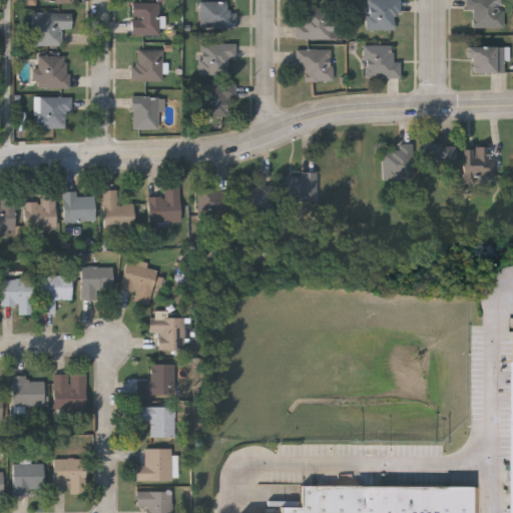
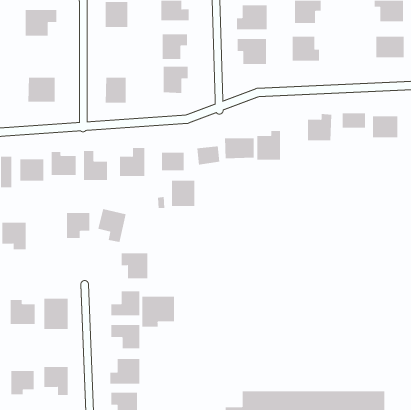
building: [136,51,162,82] -> none
building: [38,57,69,90] -> none
building: none -> [257,130,280,160]
building: none -> [171,180,195,207]
building: [42,275,72,313] -> none
building: none -> [142,296,174,327]

